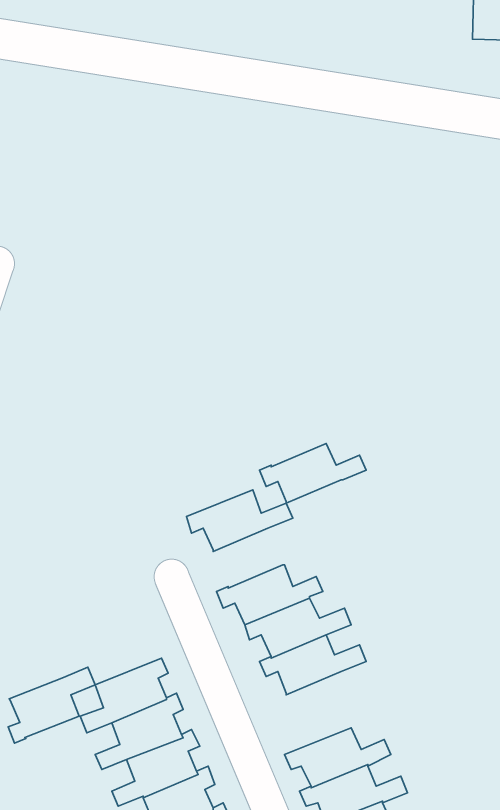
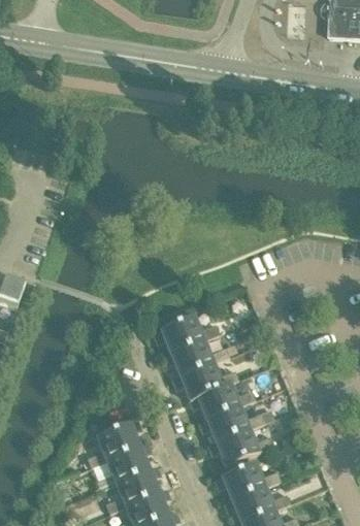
building: [260,443,366,503] -> [162,337,228,374]
building: [8,667,95,743] -> none
building: none -> [207,426,274,464]

